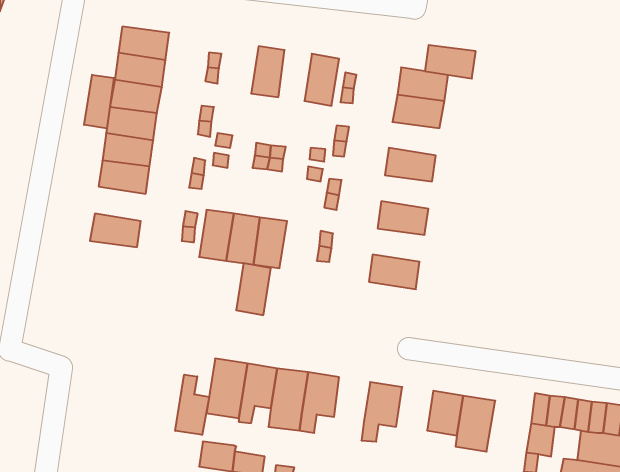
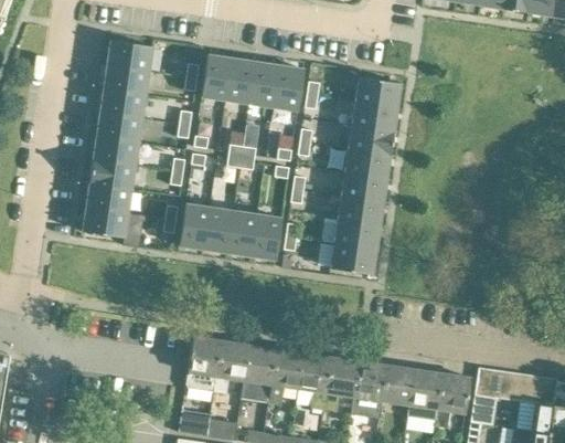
building: none -> [201,54,232,99]
building: [425,45,476,79] -> [348,125,393,155]
building: none -> [249,61,279,106]
building: [84,75,114,128] -> none
building: none -> [341,172,386,202]
building: none -> [86,182,131,213]
building: none -> [333,220,380,250]
building: [236,263,271,315] -> [250,213,281,260]
building: [175,375,209,435] -> none
building: none -> [299,352,331,409]
building: none -> [352,361,387,416]
building: none -> [435,373,470,426]

